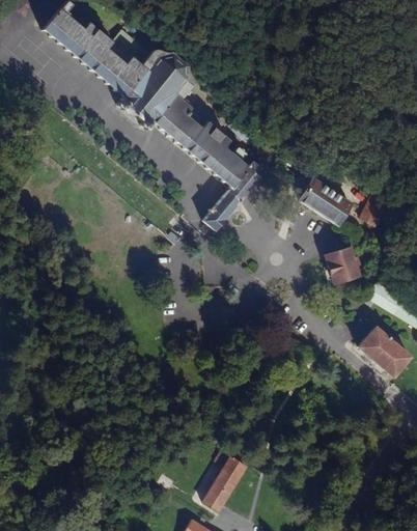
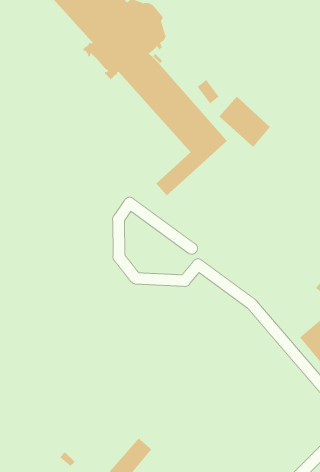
building: [300,177,351,224] -> [218,96,271,148]
building: [326,246,360,283] -> none

